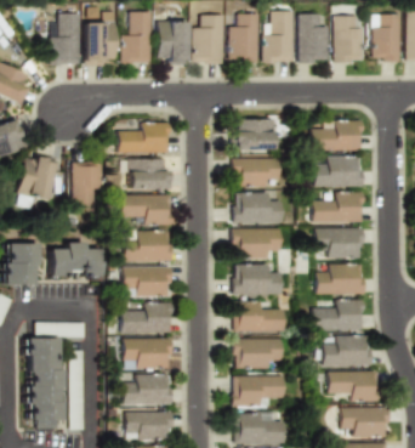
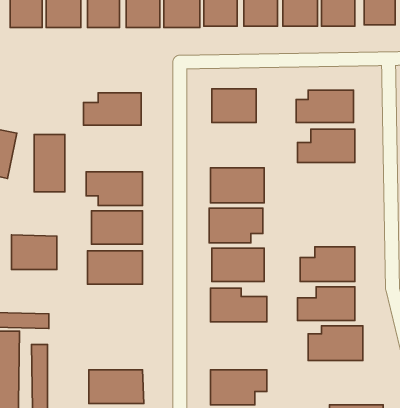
building: [232,157,280,185] -> none
building: [127,158,167,188] -> none
building: [311,191,364,222] -> none
building: [314,227,364,256] -> none
building: [120,301,172,333] -> none
building: [124,338,171,368] -> none
building: [232,338,283,368] -> none
building: [328,370,379,401] -> none

